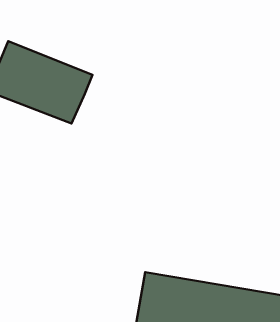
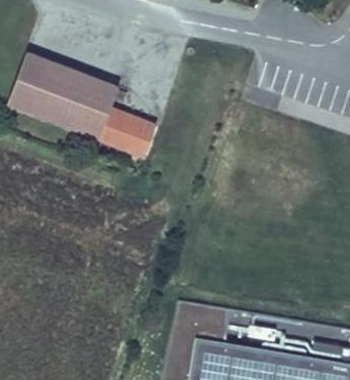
building: none -> [99,110,155,157]

